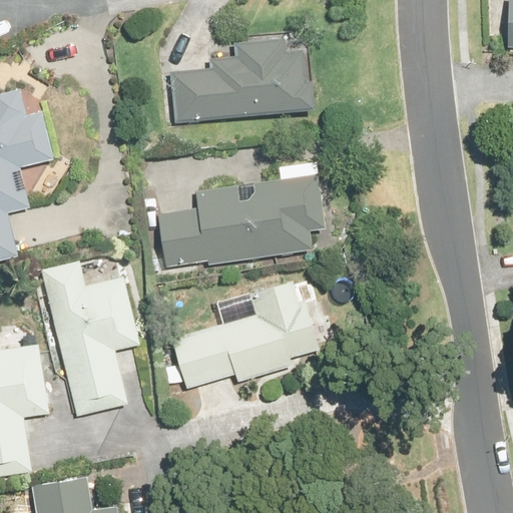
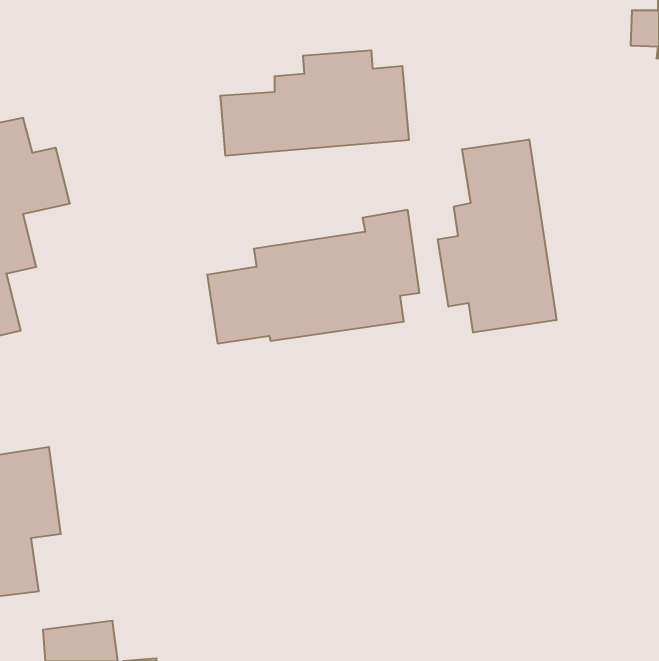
building: none -> [438,139,556,333]
building: [42,260,139,418] -> none
building: [174,282,320,387] -> none

